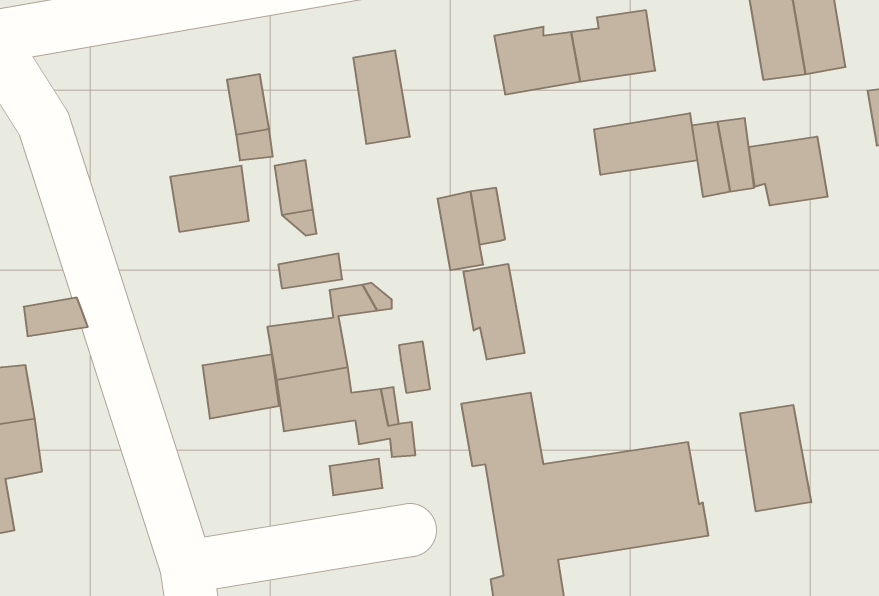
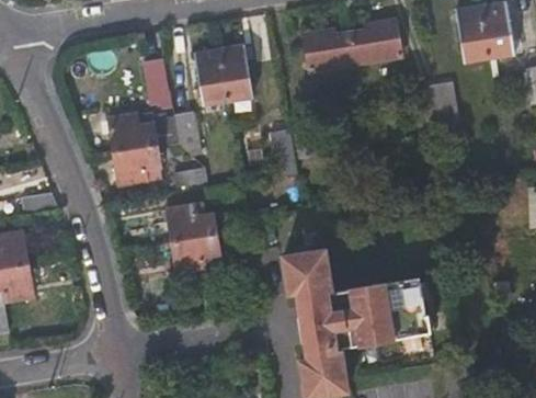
building: none -> [194,48,226,104]
building: [594,113,697,175] -> none
building: [749,136,828,206] -> none
building: [463,264,525,360] -> none
building: [202,355,279,419] -> [114,146,160,184]
building: [740,405,811,511] -> none

